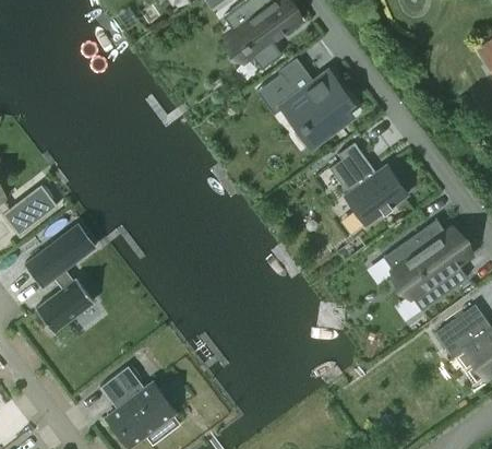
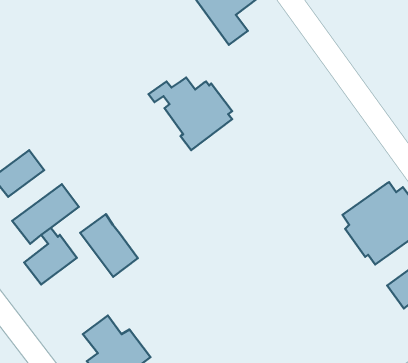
building: [261,70,352,150] -> [149,77,232,150]
building: [327,143,408,228] -> none
building: none -> [80,214,138,277]

